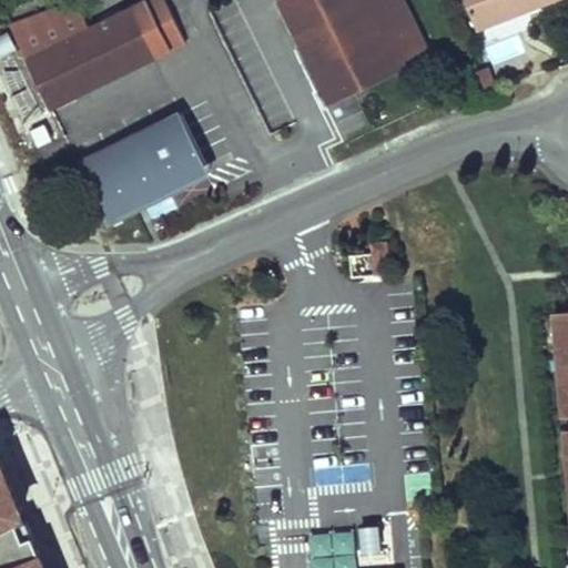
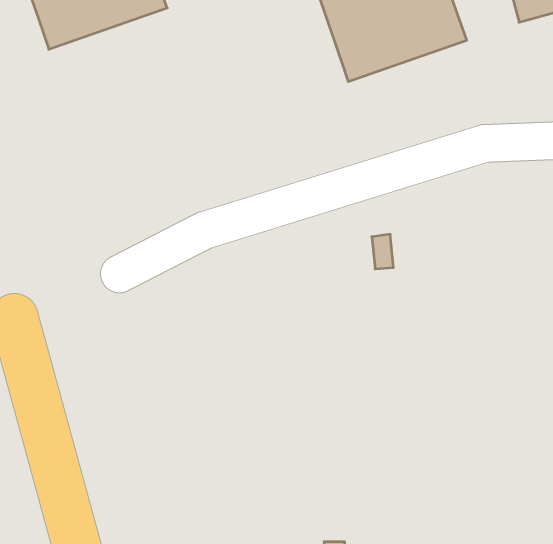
building: [78,113,204,214] -> none

